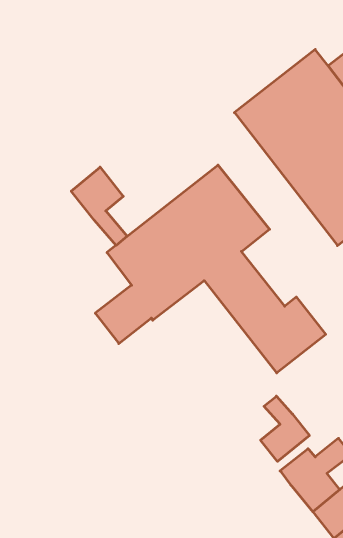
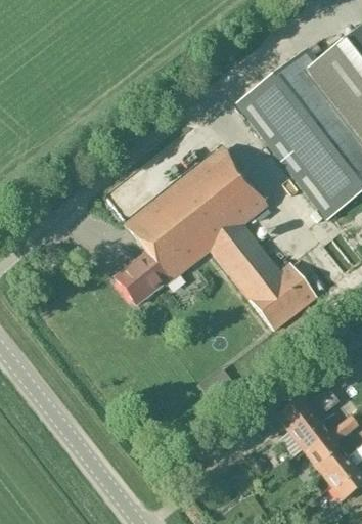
building: [71,167,127,245] -> none
building: [261,396,309,461] -> none

